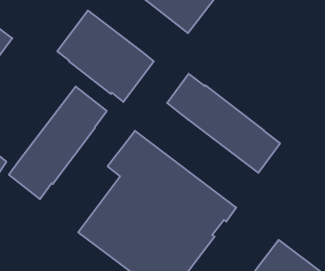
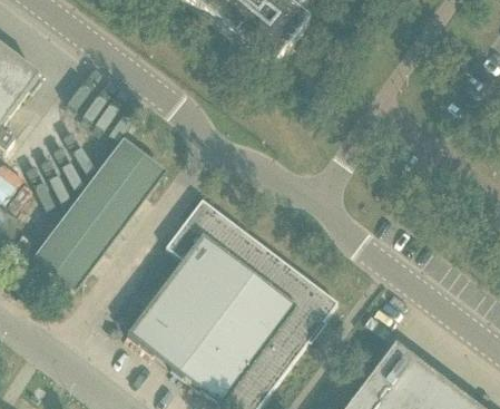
building: [57,11,154,102] -> none
building: [167,74,280,173] -> none

